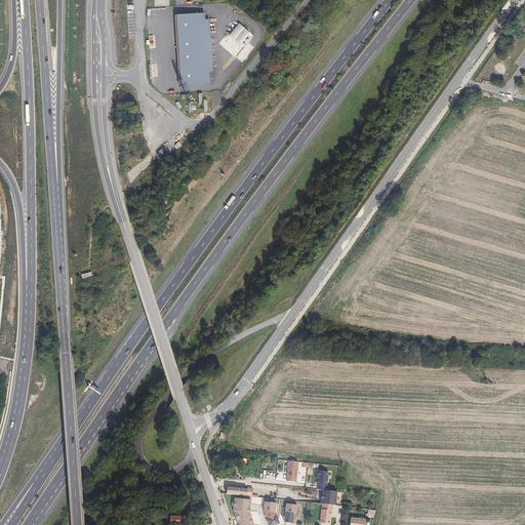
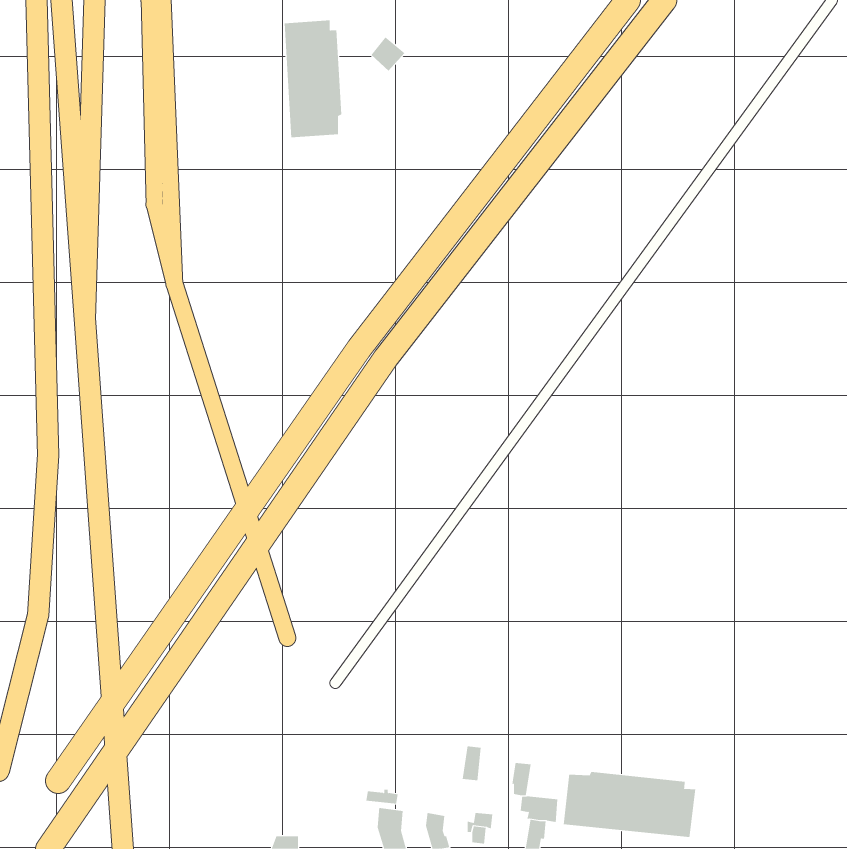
building: none -> [563,771,696,838]

